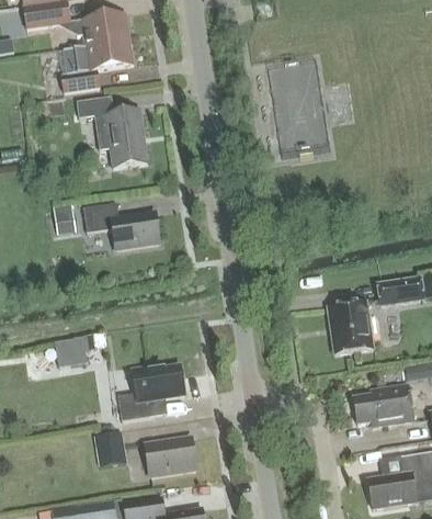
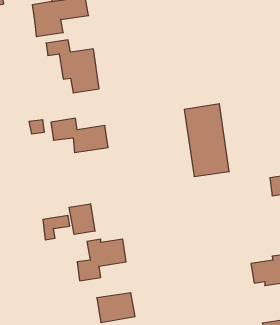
building: [272,55,332,153] -> [184,104,229,176]
building: [326,302,372,354] -> none
building: none -> [69,204,95,234]
building: [93,430,126,466] -> none

